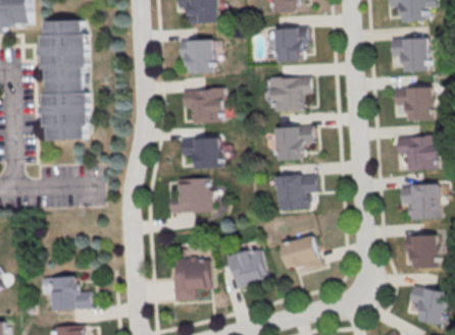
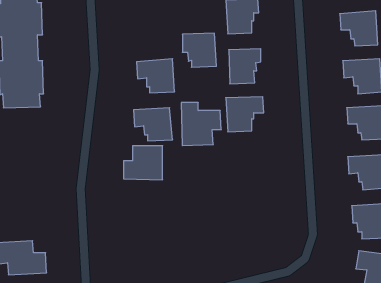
building: [180,41,214,75] -> [182,33,216,67]
building: [275,165,316,209] -> [181,103,221,146]
building: [280,233,321,272] -> none
building: [225,244,267,286] -> none
building: [172,255,210,299] -> none

